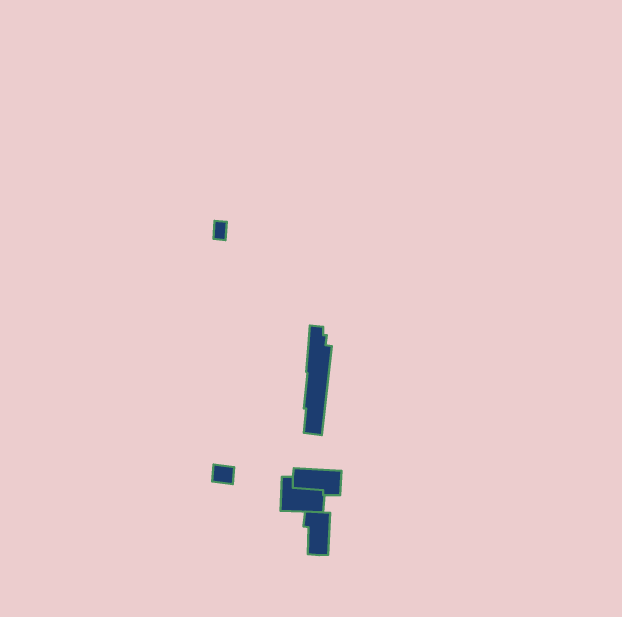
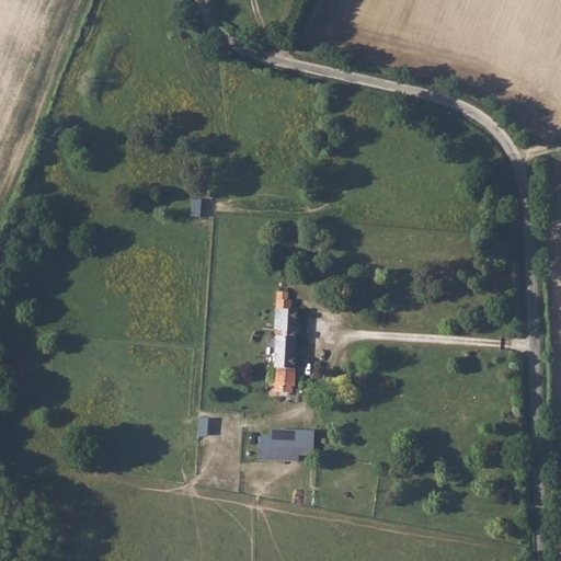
building: [303,512,330,555] -> none

